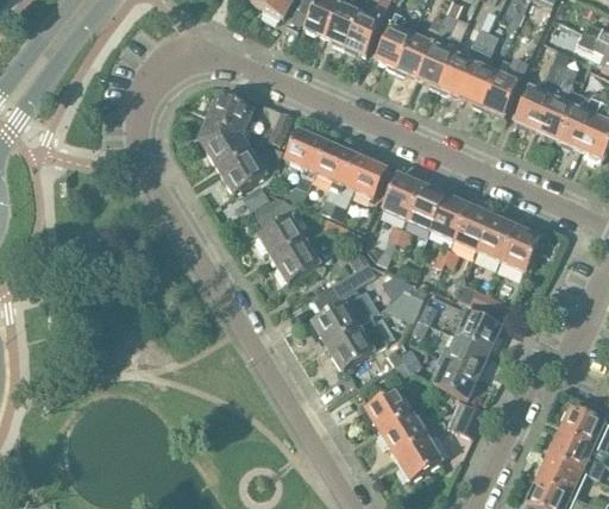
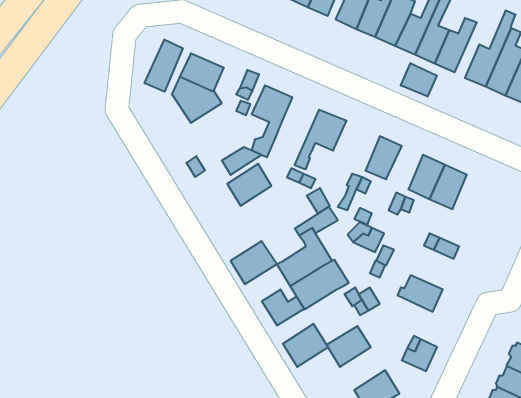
building: none -> [145,39,183,92]
building: none -> [401,63,437,97]
building: [315,142,357,214] -> none
building: [219,147,268,194] -> none
building: [382,172,422,220] -> none
building: [429,194,469,240] -> none
building: [501,225,541,272] -> none
building: [272,237,322,283] -> [231,241,277,284]
building: [456,308,501,348] -> none
building: none -> [262,289,304,326]
building: [433,354,479,398] -> none
building: [379,410,428,457] -> [283,324,328,367]

